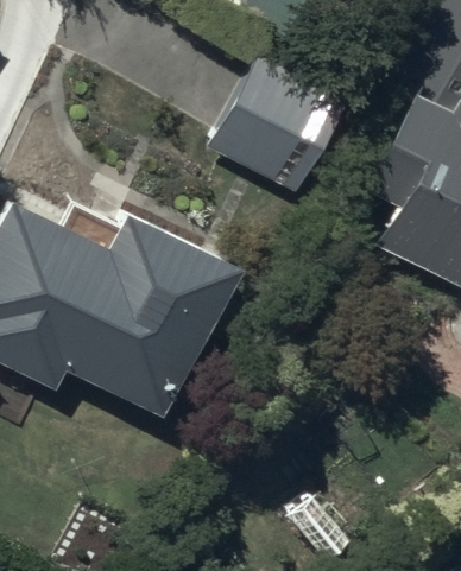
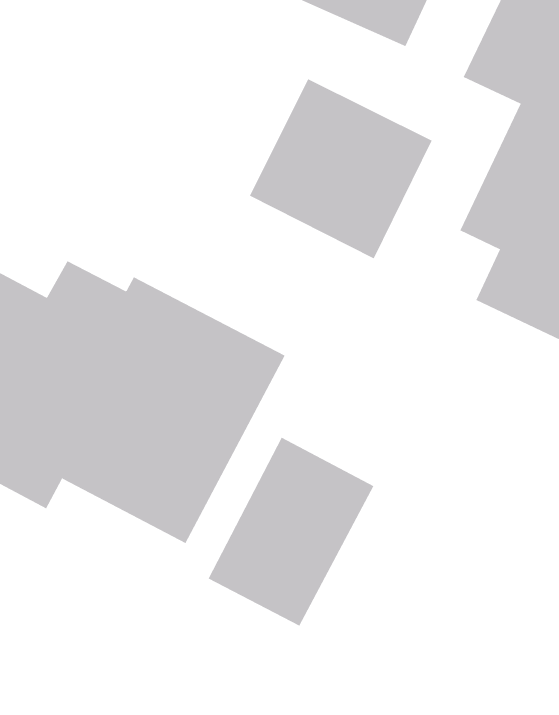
building: none -> [208,437,374,627]

